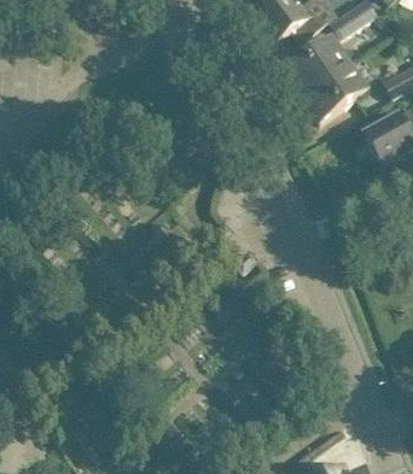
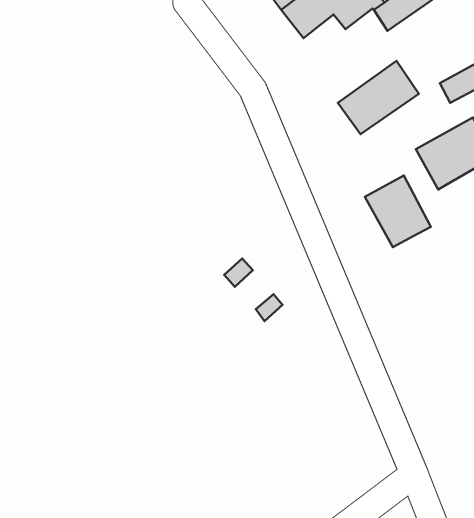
building: [284,37,348,96] -> none
building: none -> [365,175,431,247]

